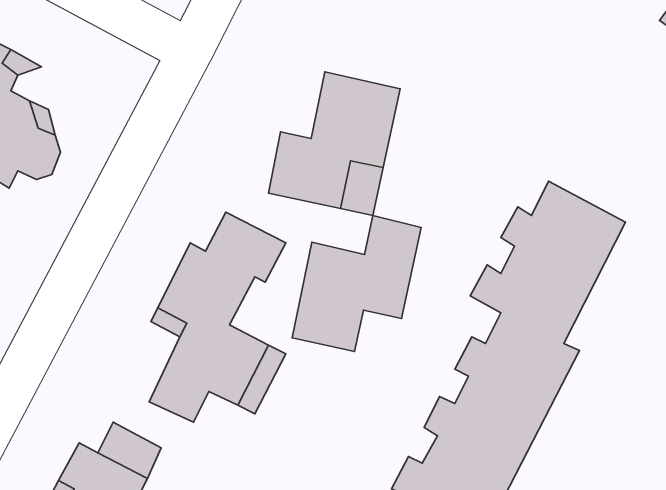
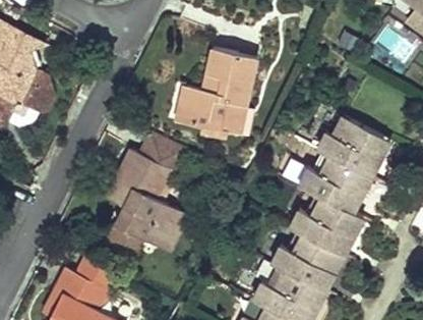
building: [292,215,421,351] -> none

